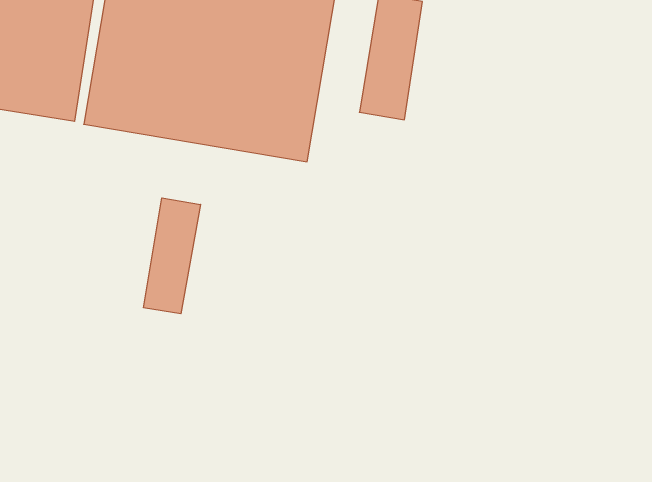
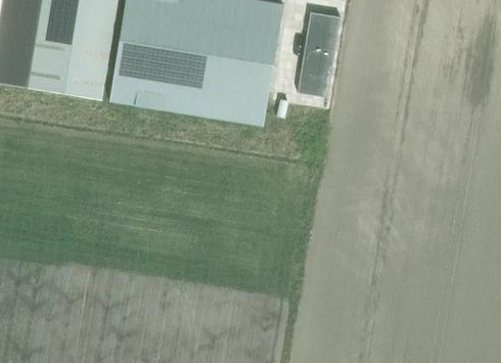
building: [144,198,201,314] -> none

